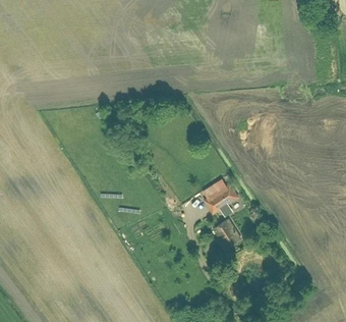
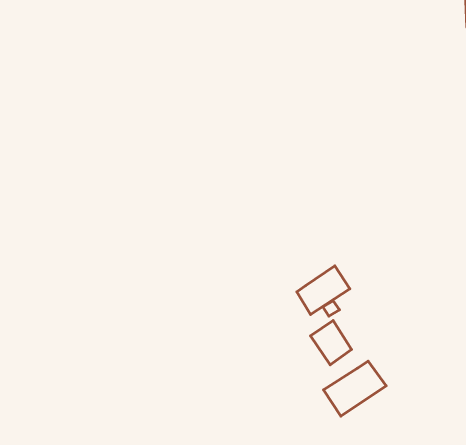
building: none -> [324,361,386,416]

